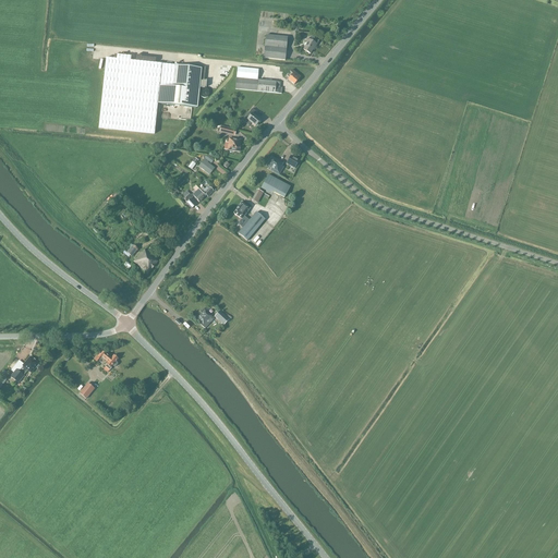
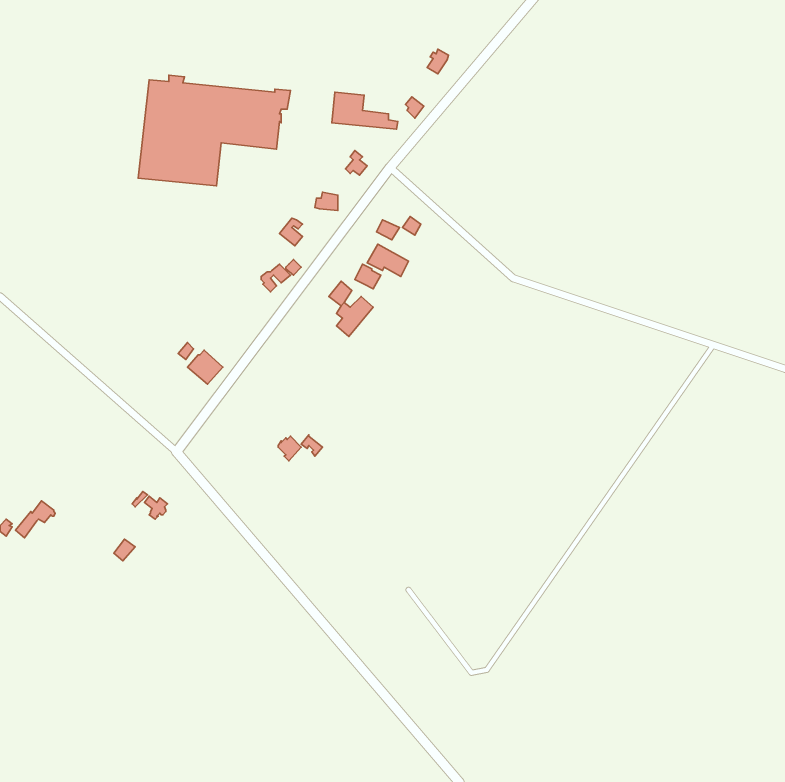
building: [263,34,288,59] -> none

